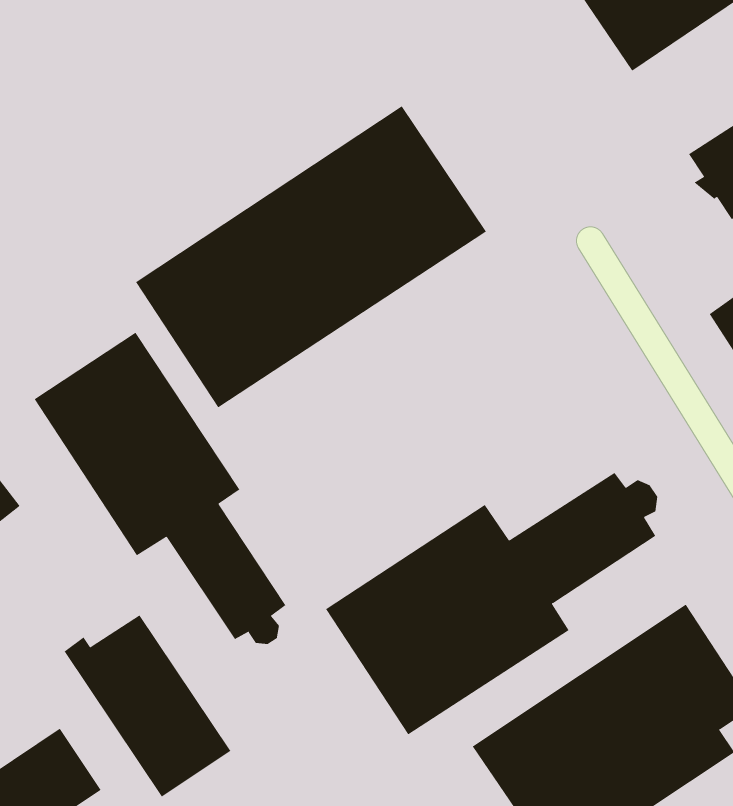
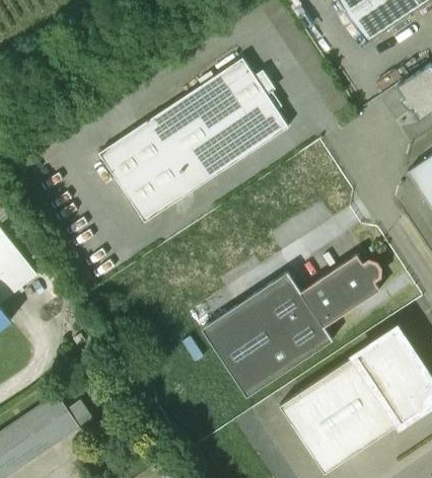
building: [34,332,286,645] -> none
building: [64,614,231,798] -> none

